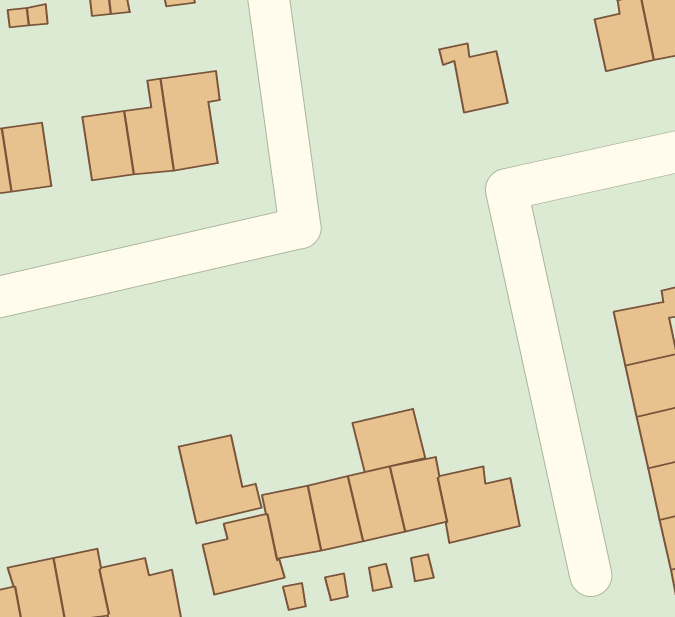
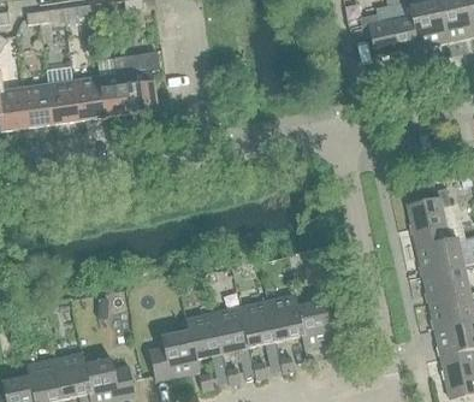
building: [439,44,508,112] -> [359,13,402,57]
building: none -> [47,79,78,123]
building: [353,409,425,472] -> none
building: [179,435,262,524] -> none

